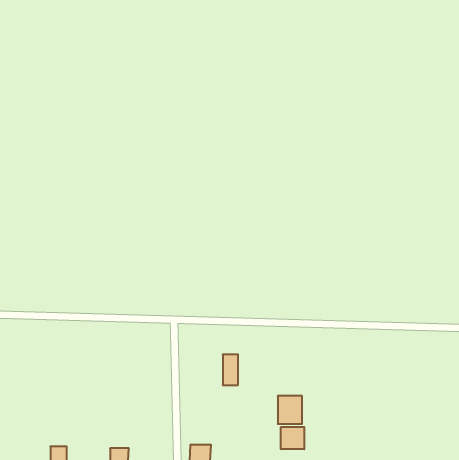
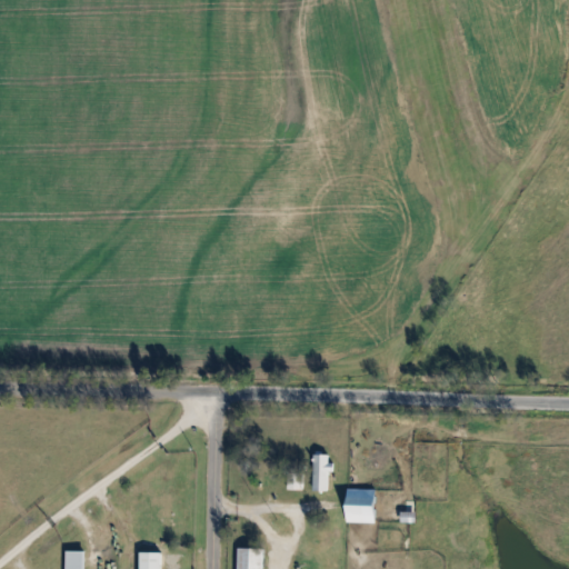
building: [223,354,238,385] -> [311,453,330,491]
building: [281,427,304,449] -> none

